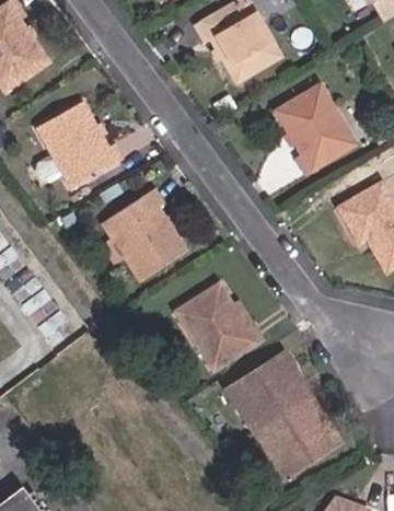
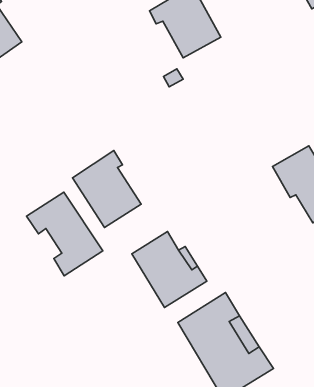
building: [277,85,354,174] -> none
building: [36,102,120,187] -> none
building: none -> [26,192,103,276]

